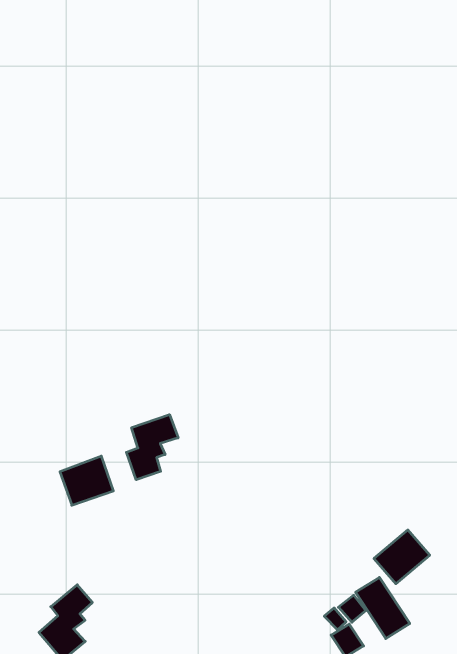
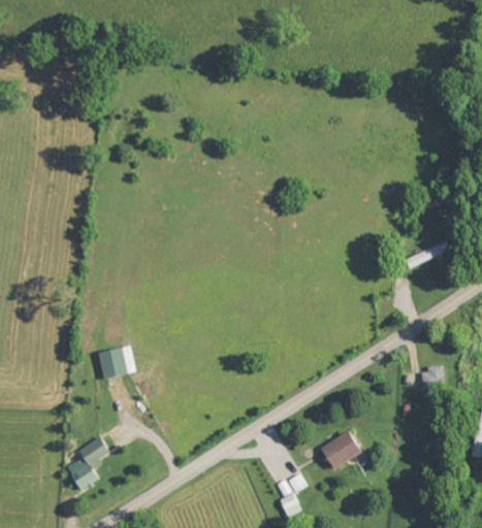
building: [126,415,178,480] -> none
building: [356,577,410,639] -> none

